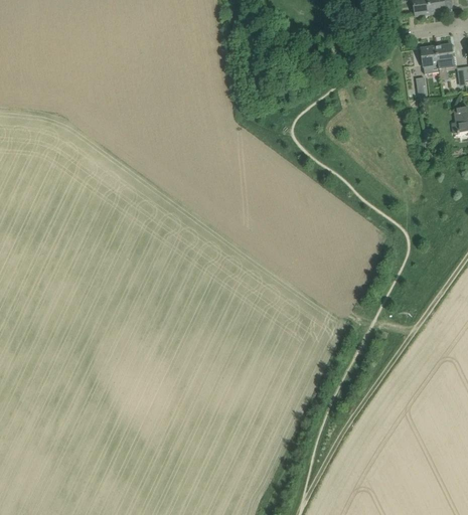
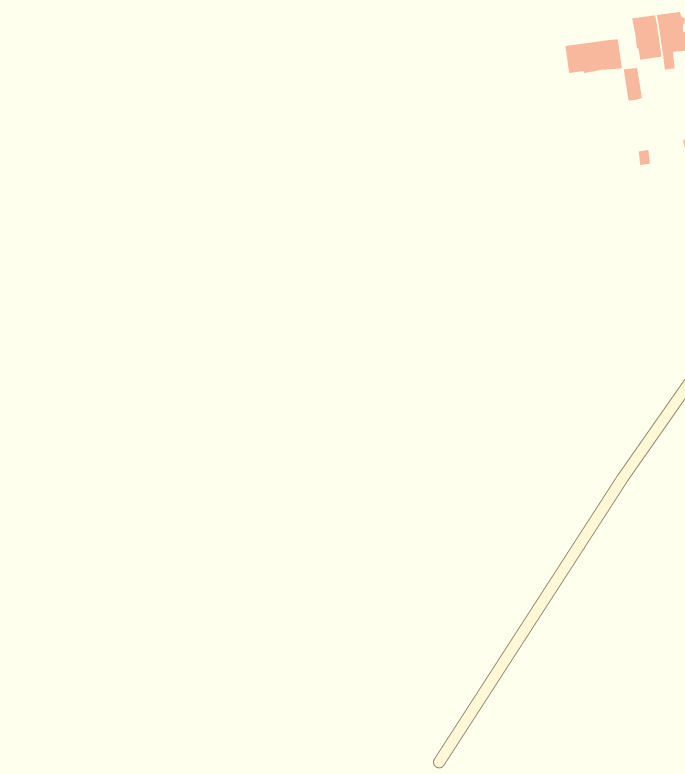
building: none -> [564,38,623,74]

